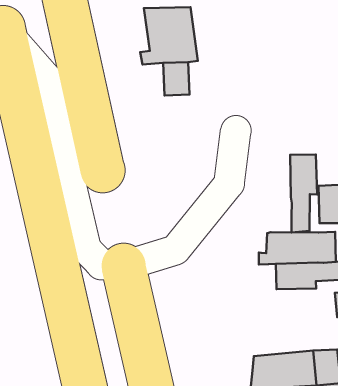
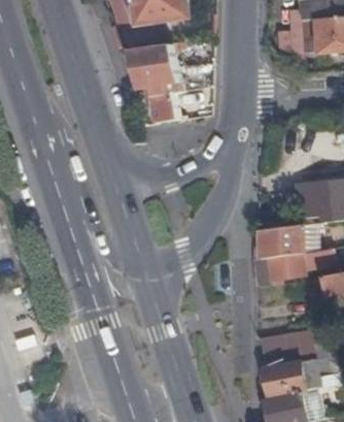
building: [290,154,317,232] -> none

